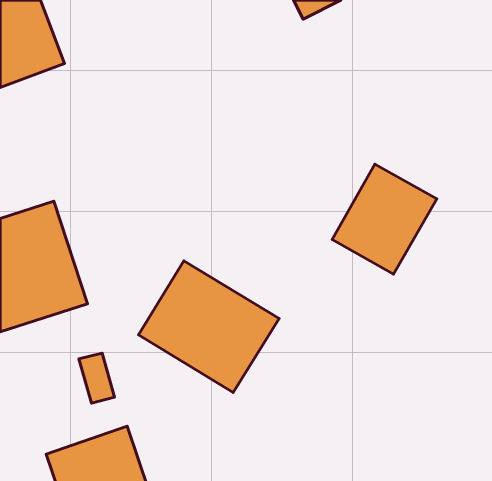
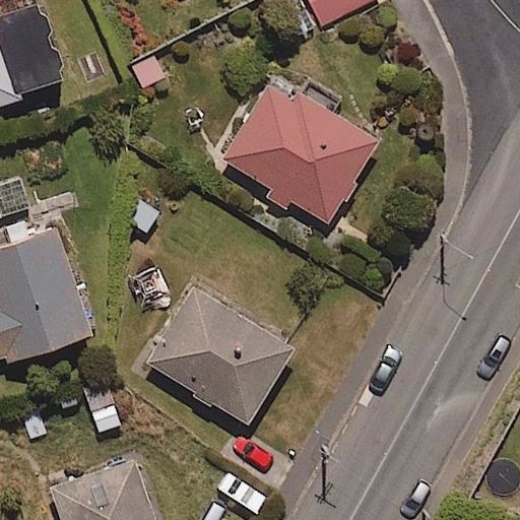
building: none -> [219,75,380,225]
building: [332,164,437,274] -> none

